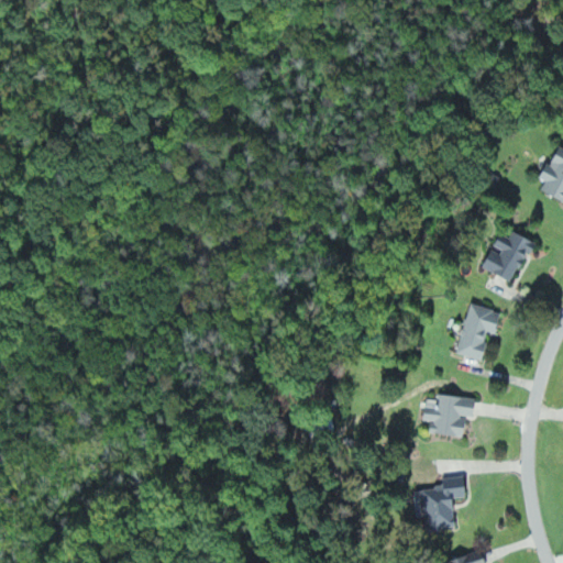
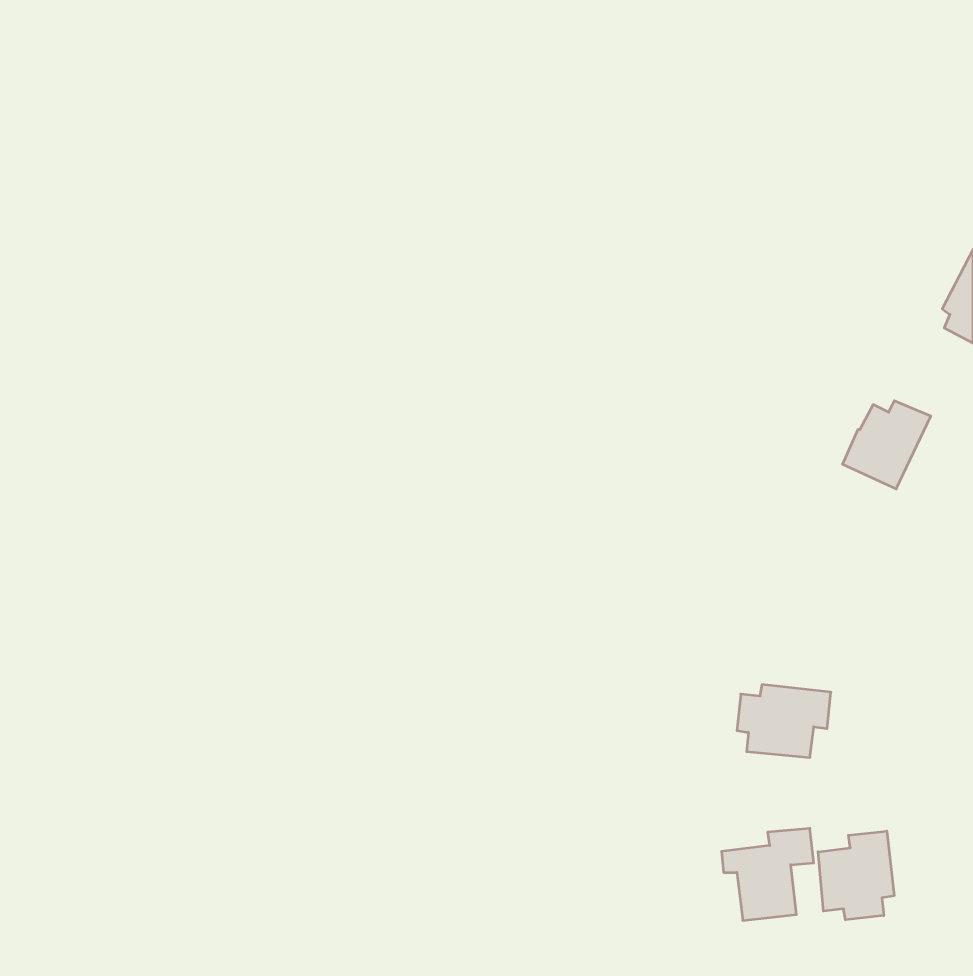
building: [456,305,500,361] -> none
building: none -> [818,831,894,920]

